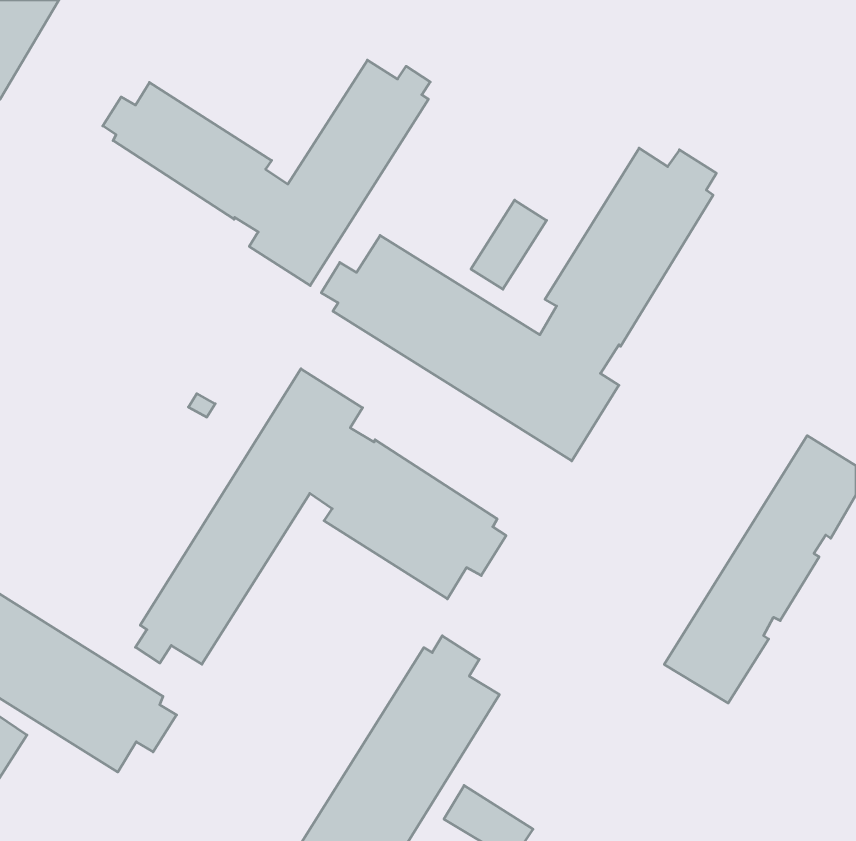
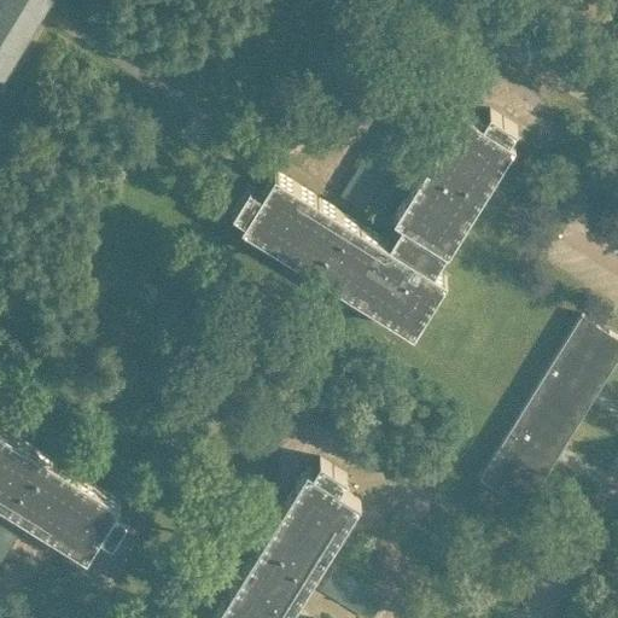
building: [103,60,430,286] -> none
building: [135,369,506,664] -> none

